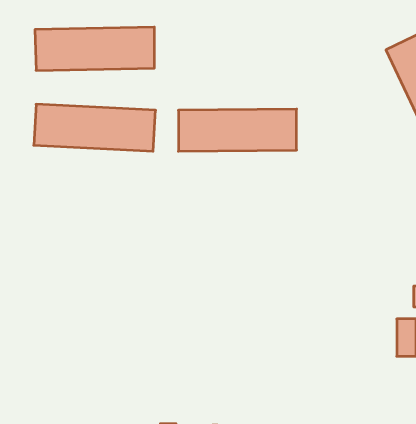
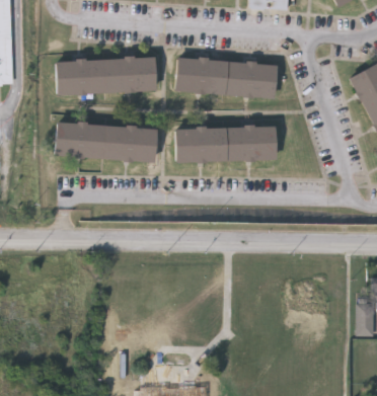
building: none -> [176,59,277,97]

